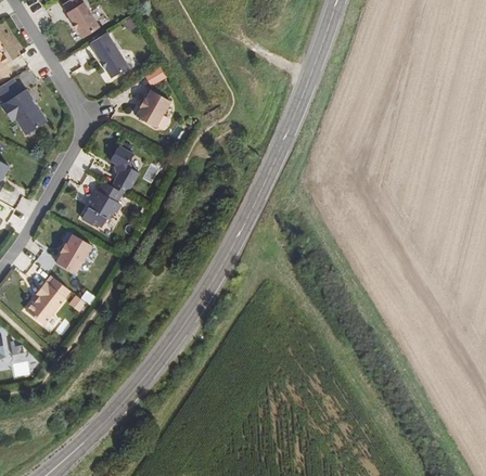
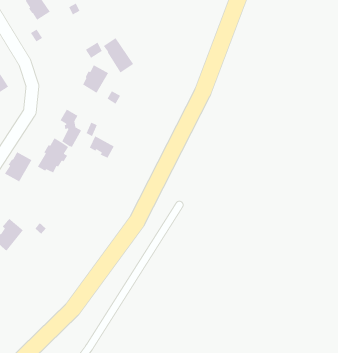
building: [88,31,127,77] -> [103,37,134,74]
building: none -> [89,135,115,159]
building: [55,235,91,274] -> [4,151,33,182]

